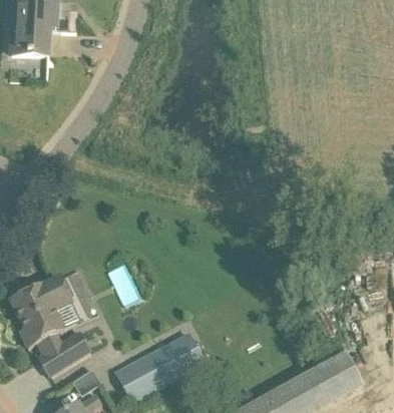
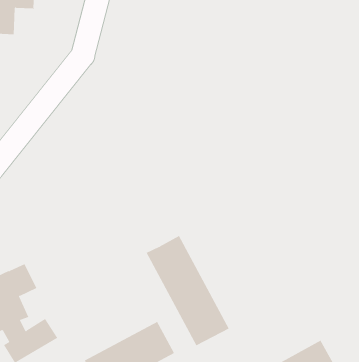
building: none -> [146,235,229,346]

